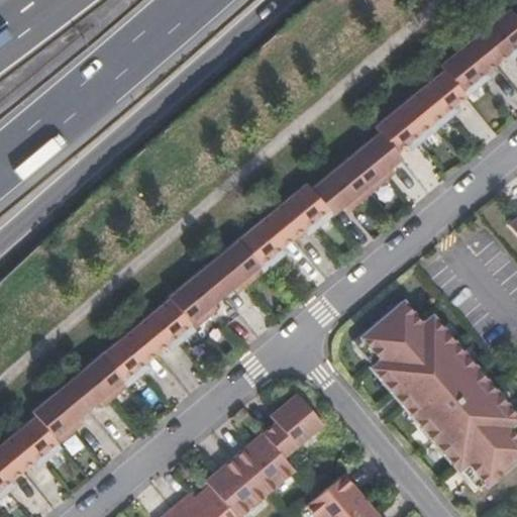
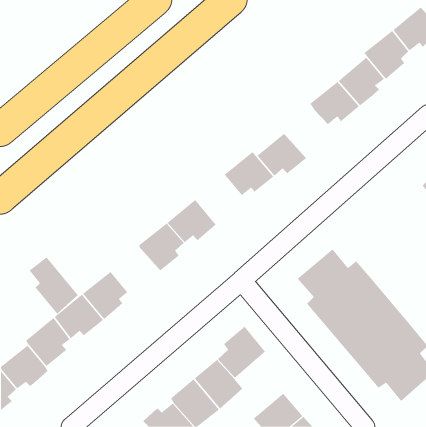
building: [345,132,402,191] -> none
building: [238,211,294,271] -> none
building: [136,299,197,352] -> none
building: none -> [29,256,79,314]

